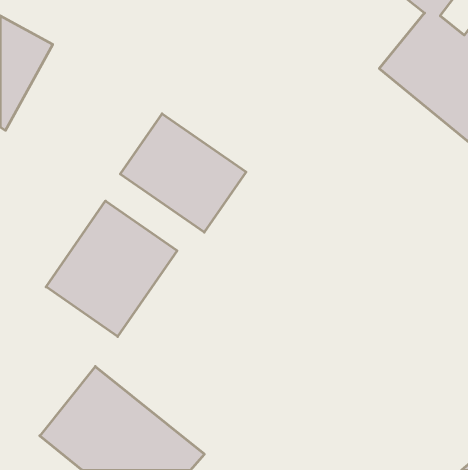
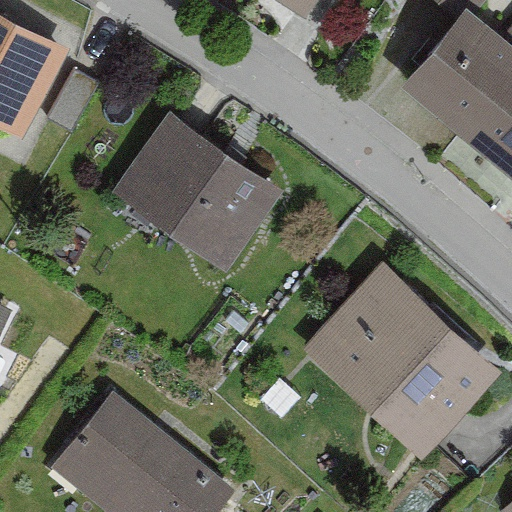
building: [46,201,177,337] -> none
building: none -> [300,268,490,453]

